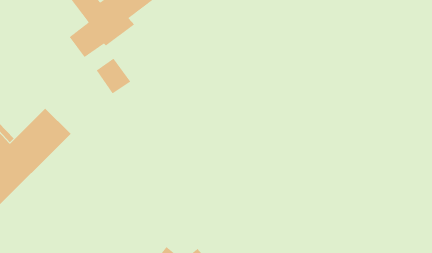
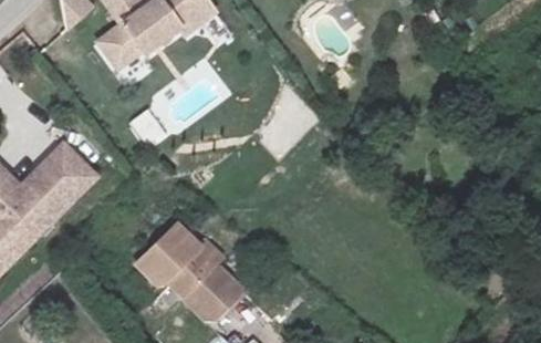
building: none -> [133,225,236,321]

